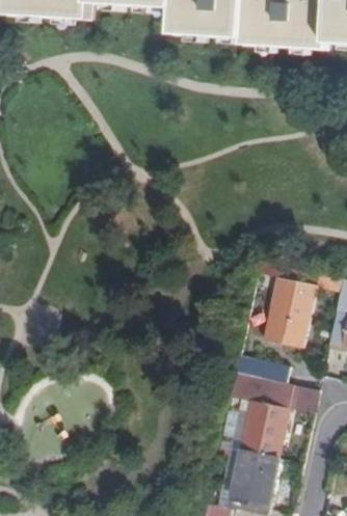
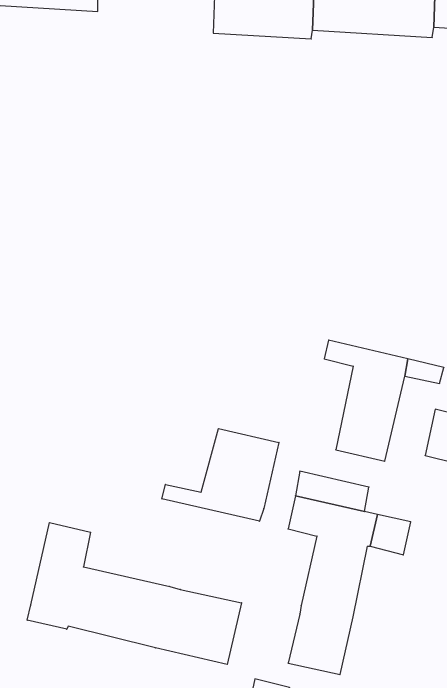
building: none -> [162,429,279,521]
building: none -> [27,523,242,664]

